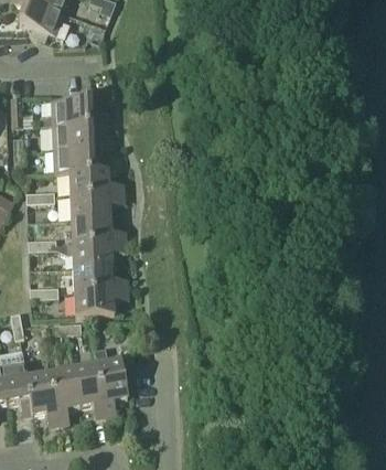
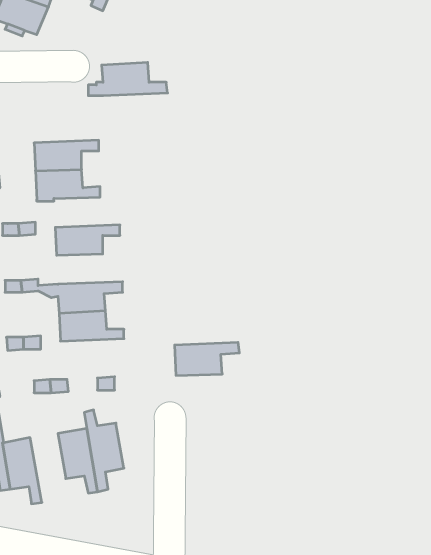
building: [40,98,106,126] -> [88,62,168,96]
building: [68,171,124,196] -> none
building: [71,218,126,244] -> none
building: [74,289,128,317] -> [175,342,239,375]
building: [49,368,78,426] -> none

